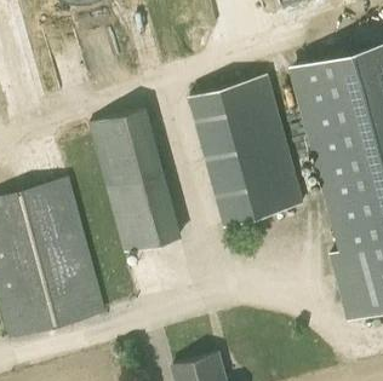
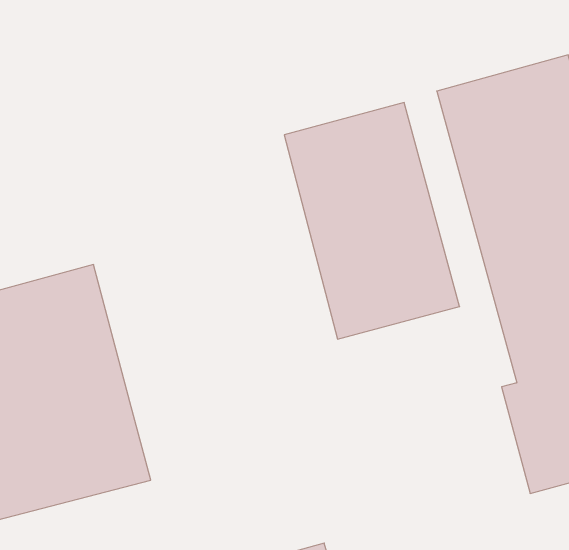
building: [90,108,182,255] -> none

